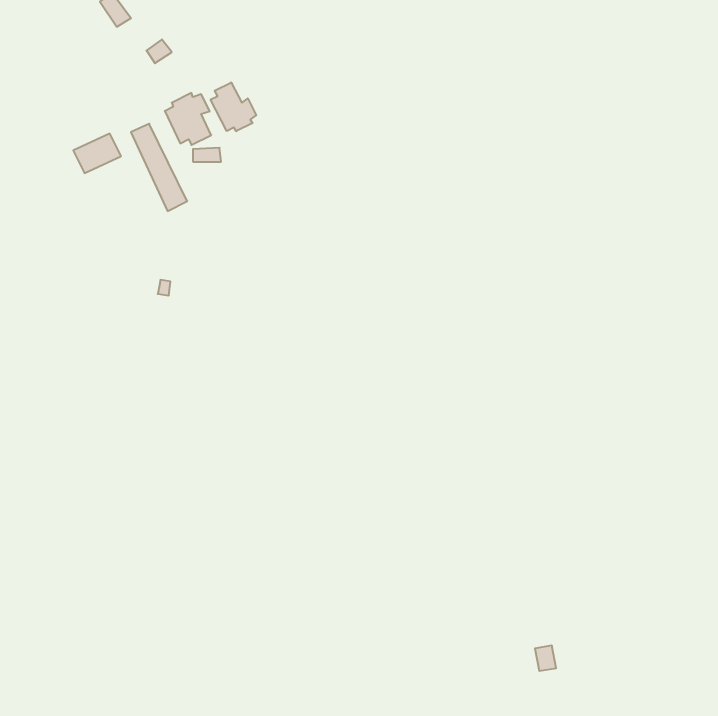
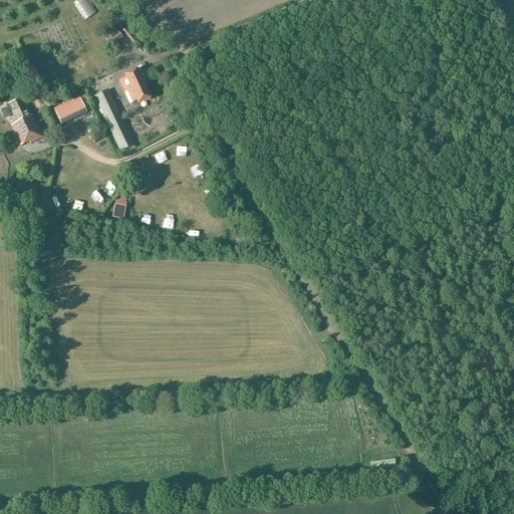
building: [211,82,256,131] -> none
building: none -> [7,95,41,144]

